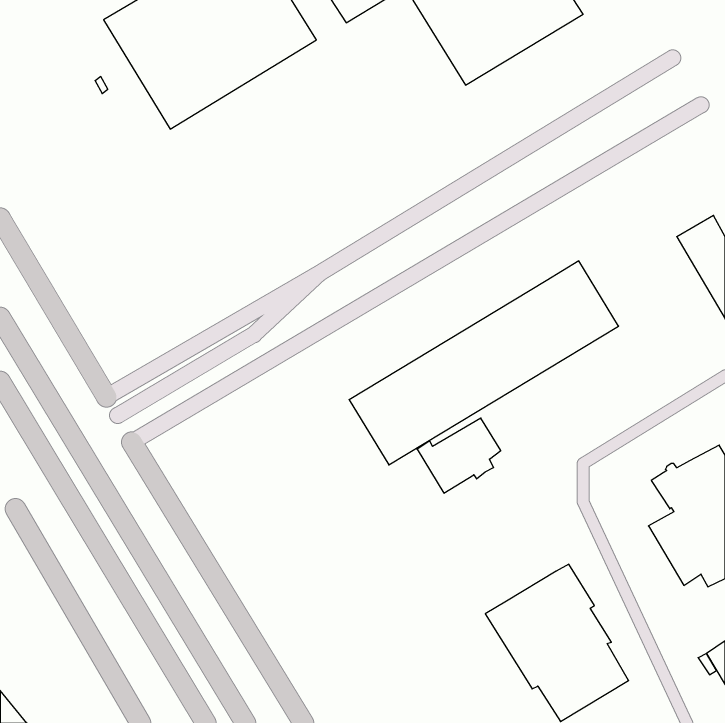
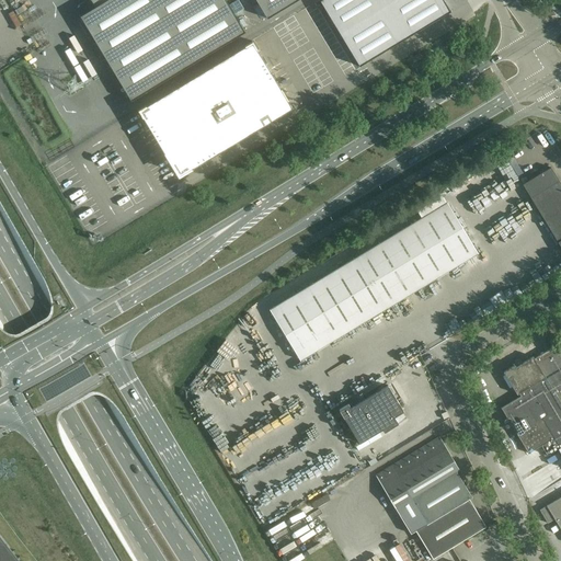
building: none -> [139,42,291,175]
building: [417,418,501,493] -> [339,385,403,443]

